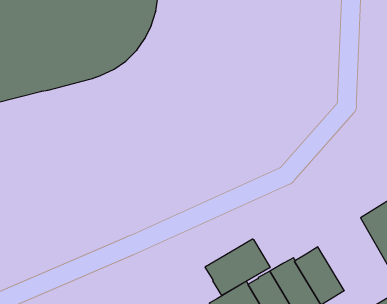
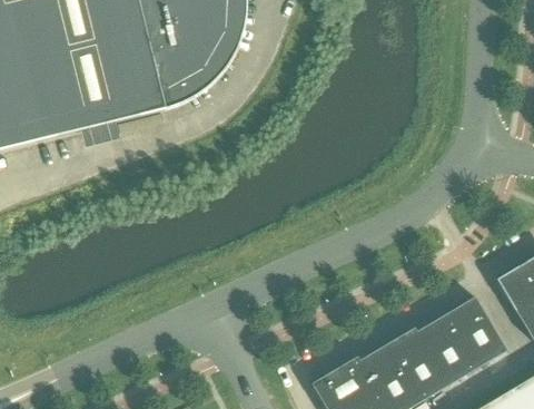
building: none -> [444,296,506,368]
building: [205,239,270,295] -> none

